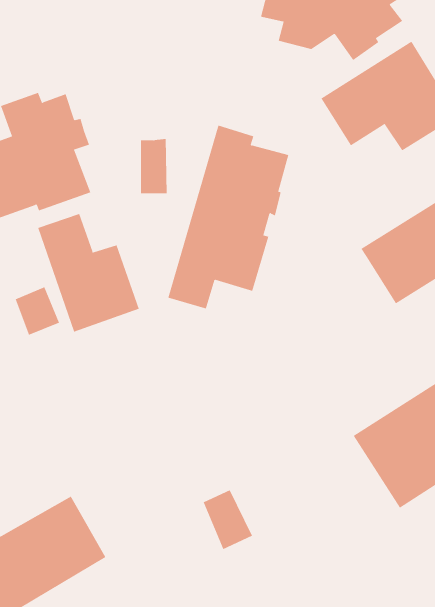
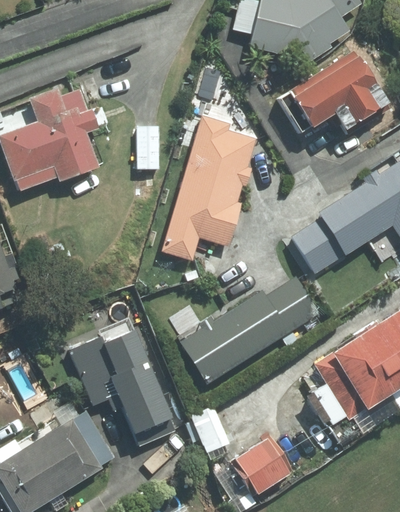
building: [38,213,140,333] -> none
building: none -> [291,219,344,275]
building: none -> [179,276,321,386]
building: none -> [63,309,170,433]
building: none -> [229,437,286,494]

